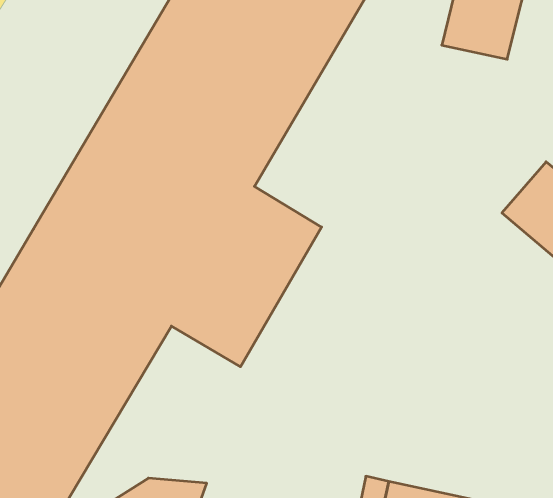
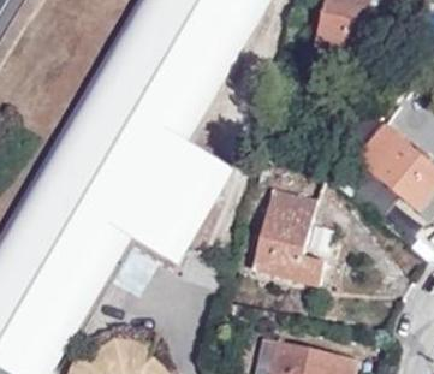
building: none -> [252,190,325,285]

